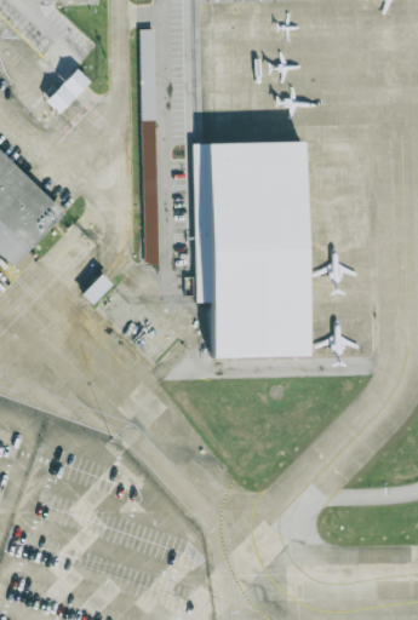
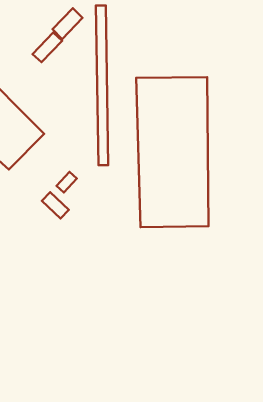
building: none -> [53,8,83,39]
building: none -> [42,192,69,218]

